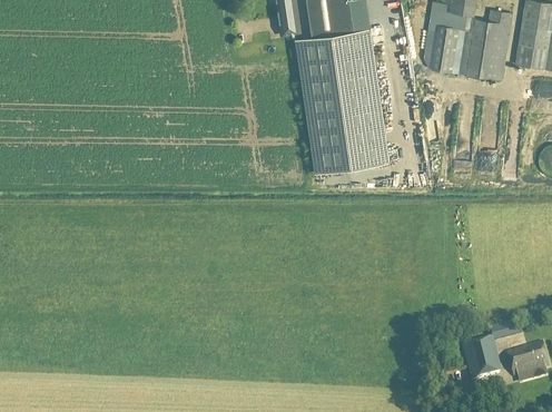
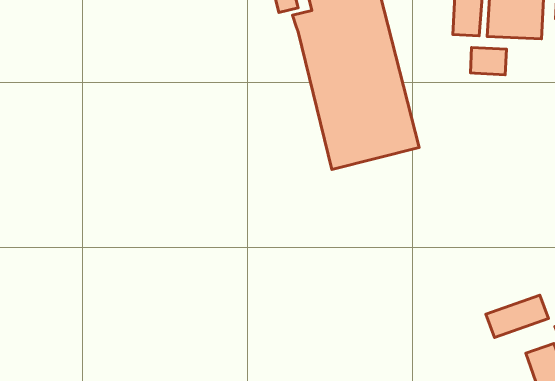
building: none -> [470,47,506,75]
building: none -> [486,295,548,337]

